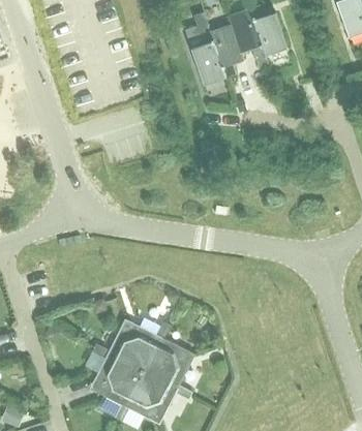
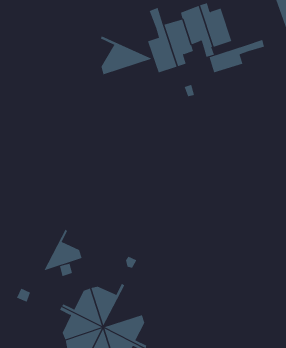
building: none -> [100,35,153,75]
building: none -> [209,39,265,73]
building: [142,324,186,371] -> [43,229,83,271]

